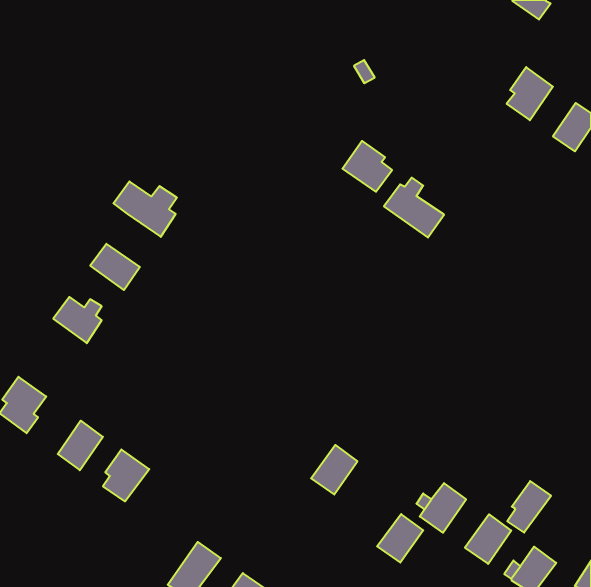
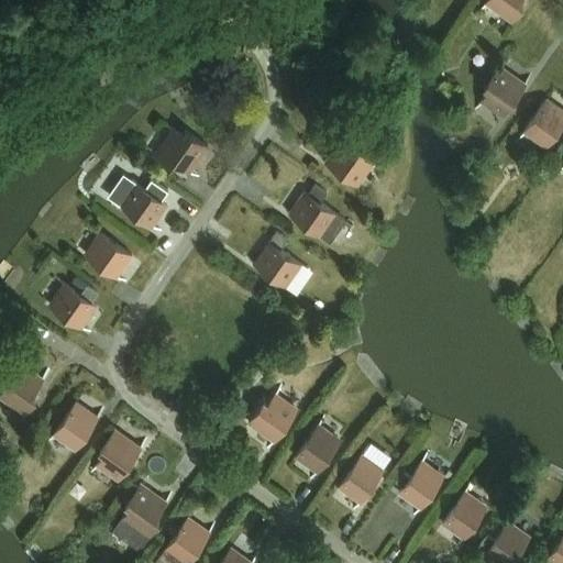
building: none -> [155,131,209,175]
building: [384,178,444,238] -> [289,187,346,244]
building: none -> [254,244,301,288]
building: none -> [249,396,297,443]
building: [507,481,551,533] -> none
building: none -> [114,485,167,551]
building: [377,514,423,563] -> [339,457,383,504]

